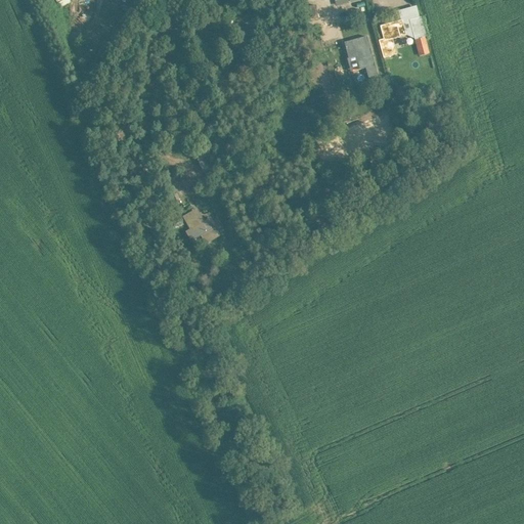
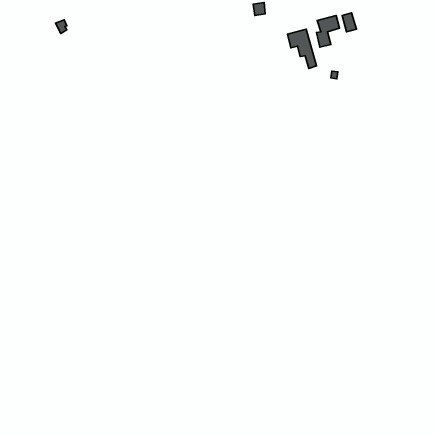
building: [182,210,212,239] -> none

